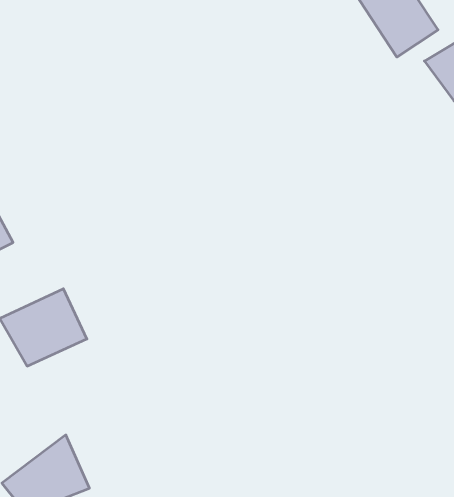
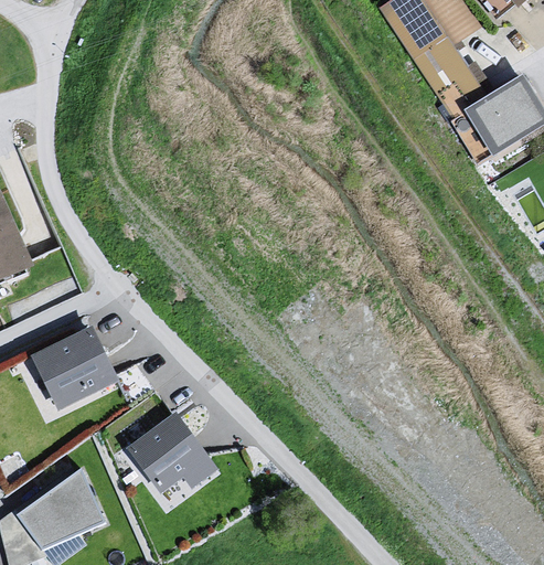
building: none -> [113,397,213,494]

